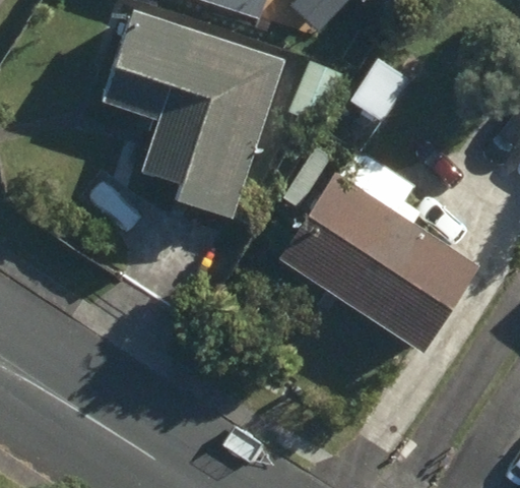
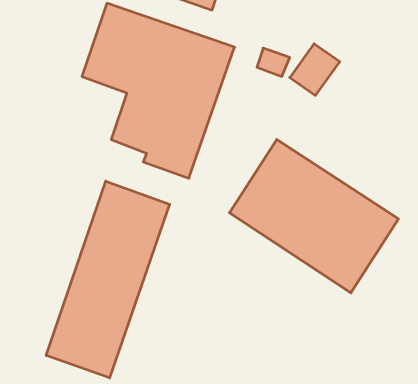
building: none -> [46,181,170,378]

